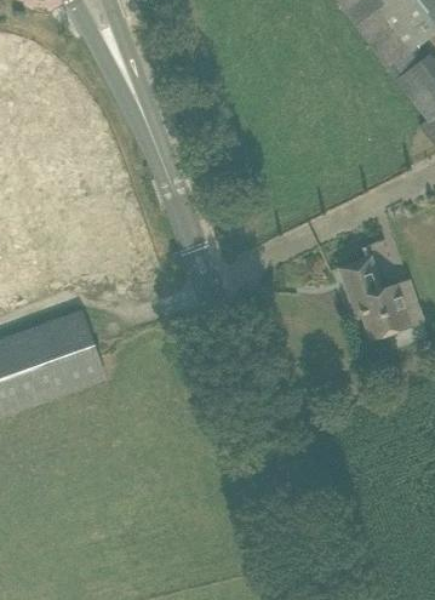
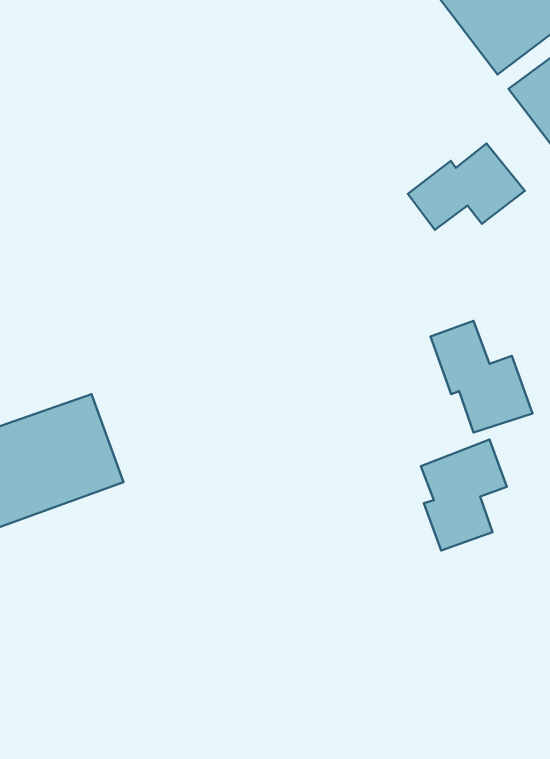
building: none -> [408,144,525,230]
building: none -> [421,440,507,550]

